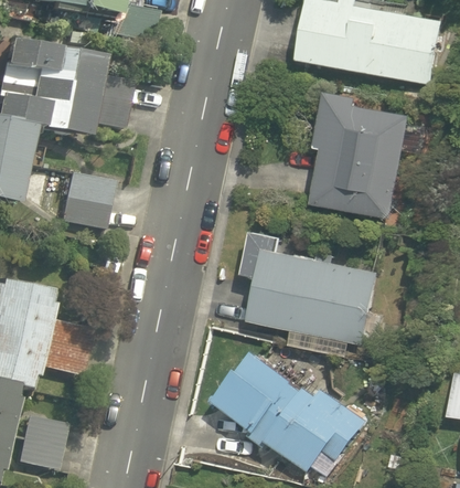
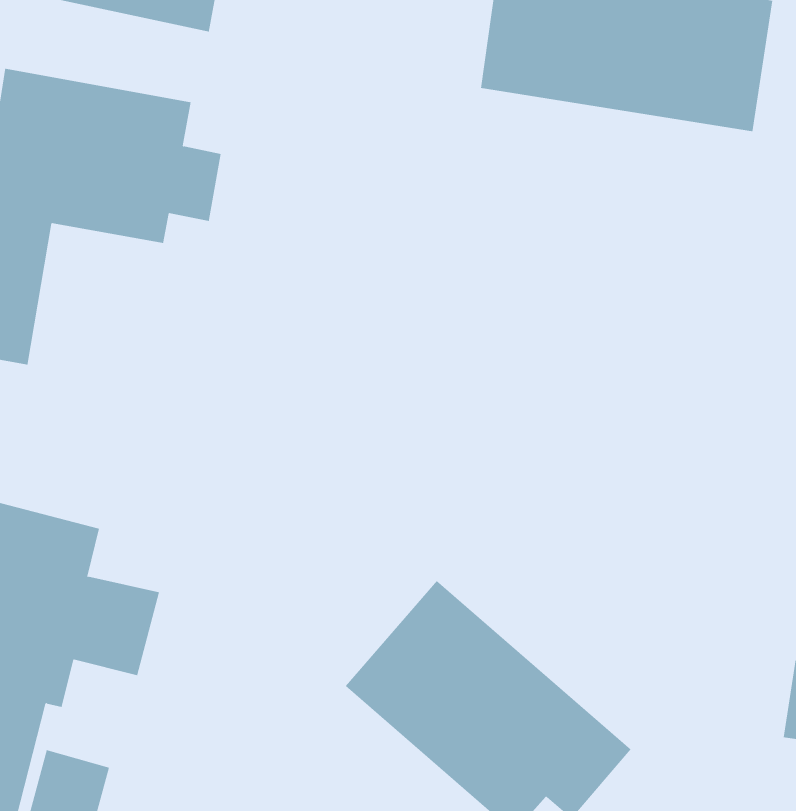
building: [296,82,403,215] -> none
building: [63,178,118,236] -> none
building: [244,246,377,341] -> none

